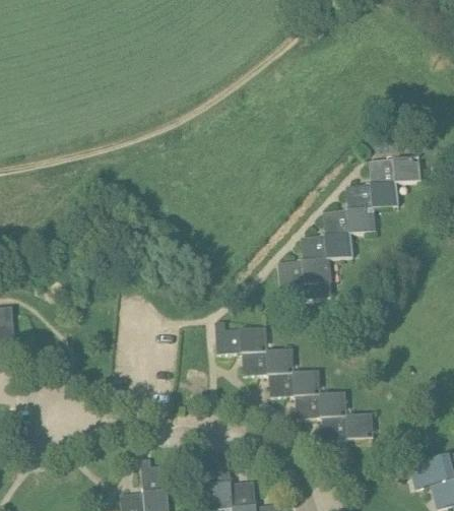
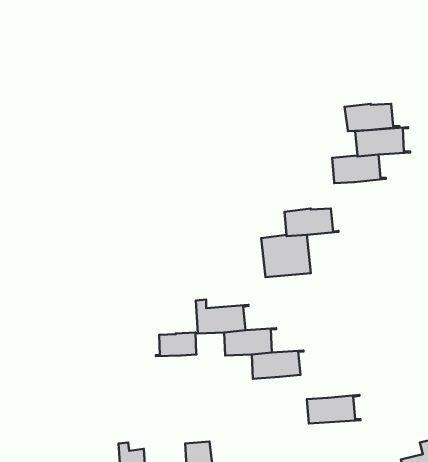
building: [323,208,376,235] -> [345,104,400,131]
building: none -> [156,333,196,356]
building: [296,391,346,419] -> none

